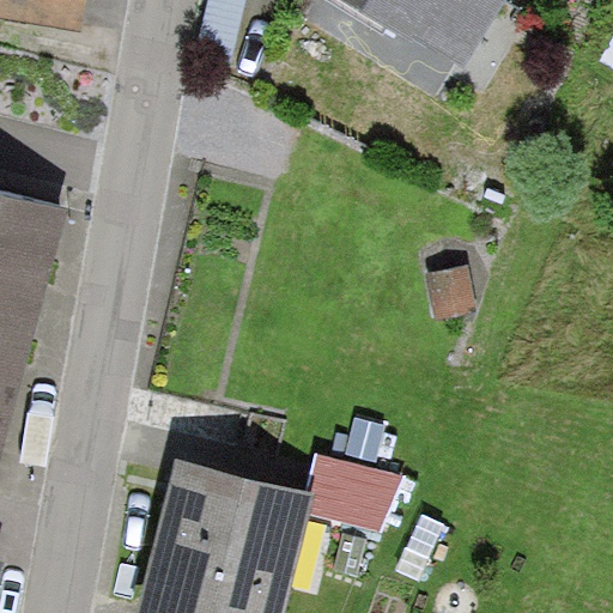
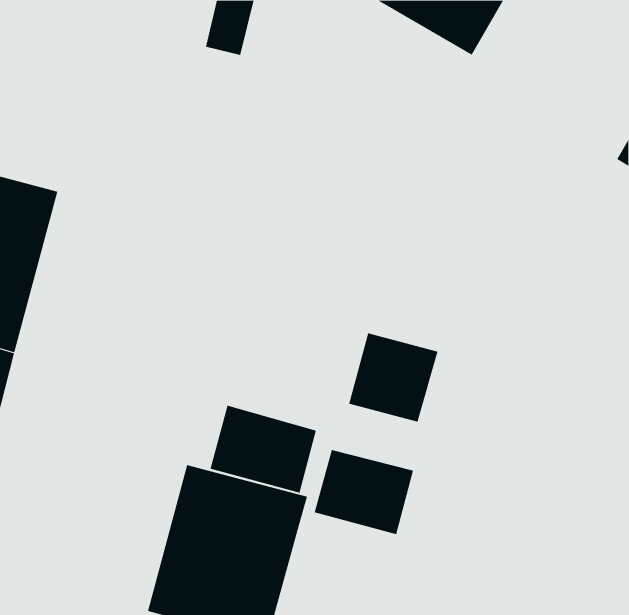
building: none -> [349,332,438,423]
building: none -> [210,405,316,493]

